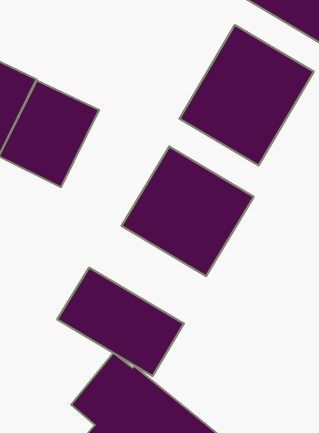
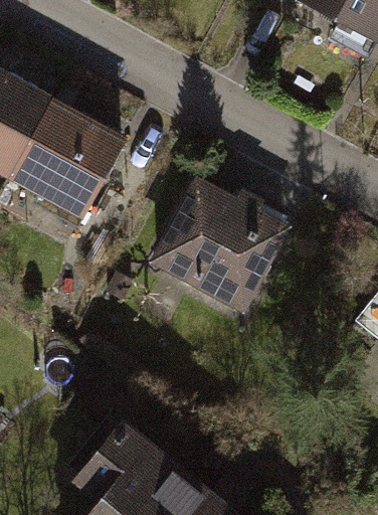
building: [179,25,314,166] -> none
building: [57,268,184,376] -> none

